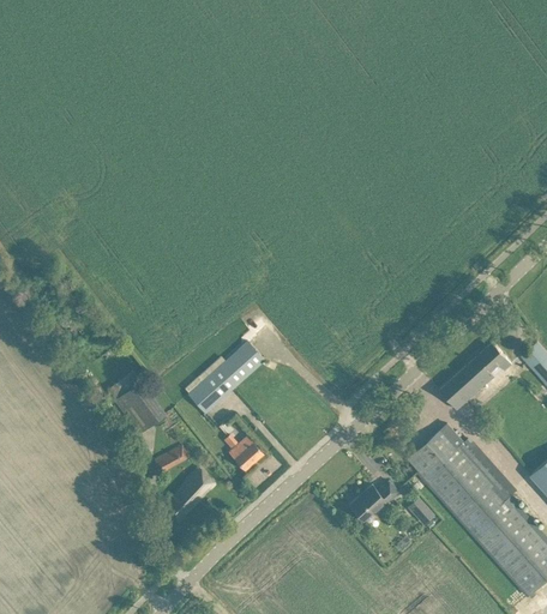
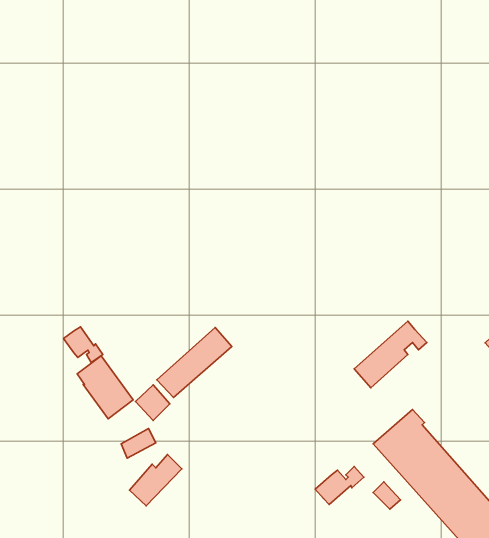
building: none -> [63,327,103,363]
building: [438,343,511,410] -> [354,321,427,388]
building: [227,435,262,471] -> [135,385,170,420]

